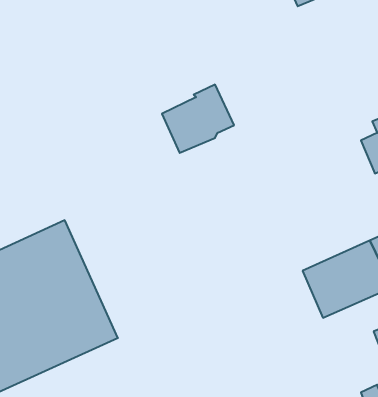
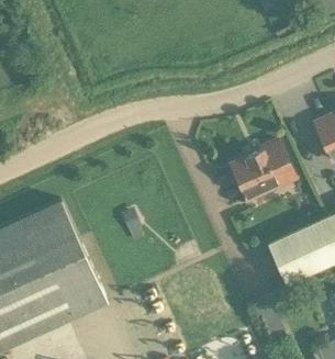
building: [162,85,234,153] -> [230,138,292,198]

